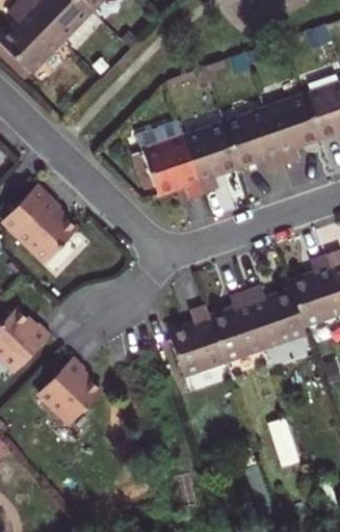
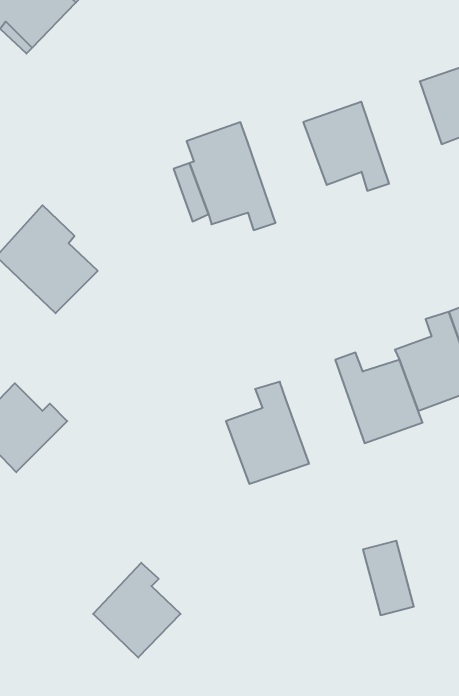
building: [264,92,321,165] -> none
building: [183,122,239,193] -> none
building: [210,291,266,365] -> none
building: [42,355,104,423] -> [93,563,181,658]

